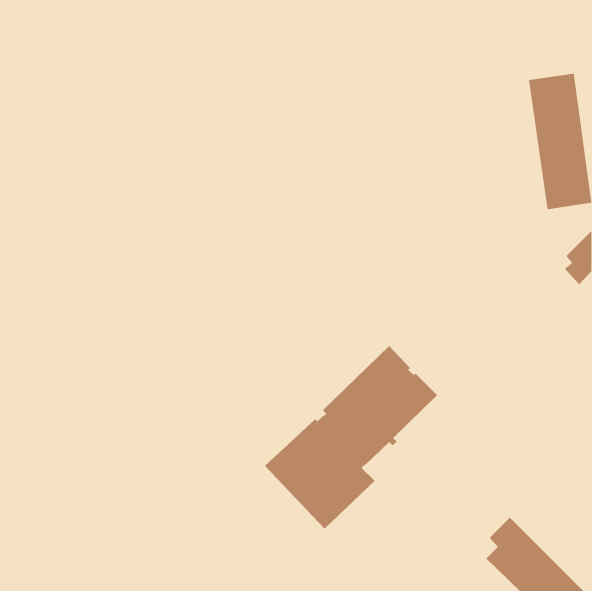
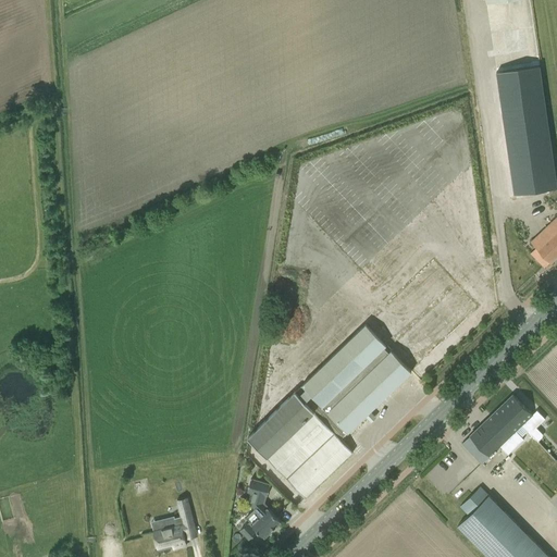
building: none -> [461,395,545,465]
building: none -> [240,480,281,541]
building: none -> [153,498,193,552]

